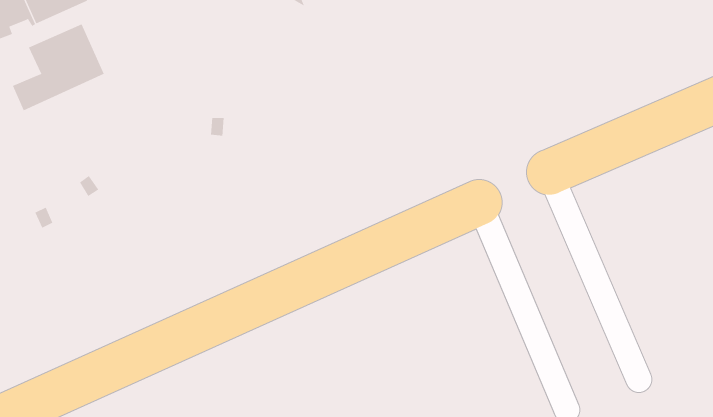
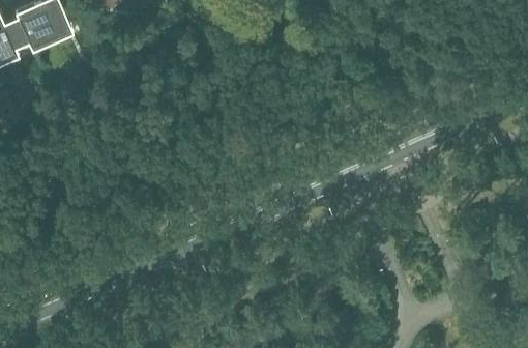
building: [12,23,105,111] -> none

